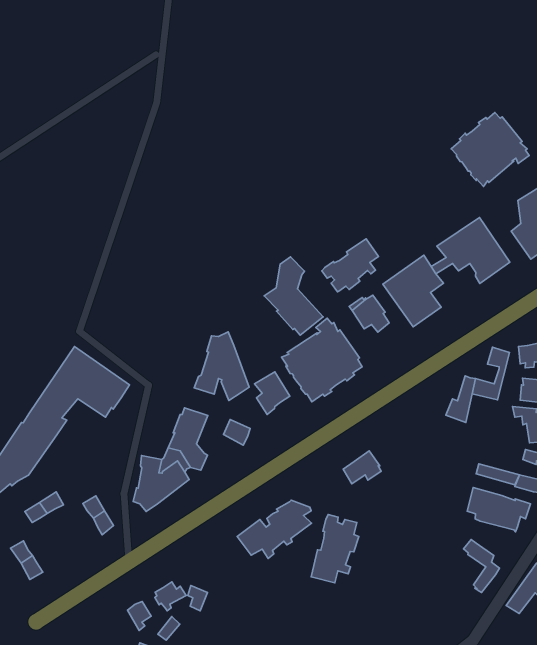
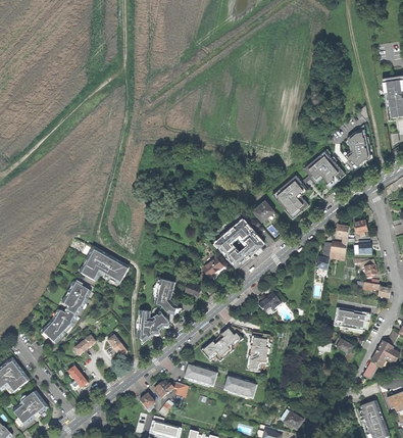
building: [451,112,529,187] -> none
building: [322,239,378,292] -> none
building: [264,257,323,335] -> none
building: [194,332,249,400] -> none
building: none -> [184,362,217,386]
building: none -> [223,375,256,398]

